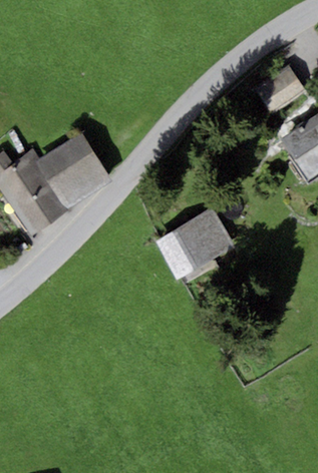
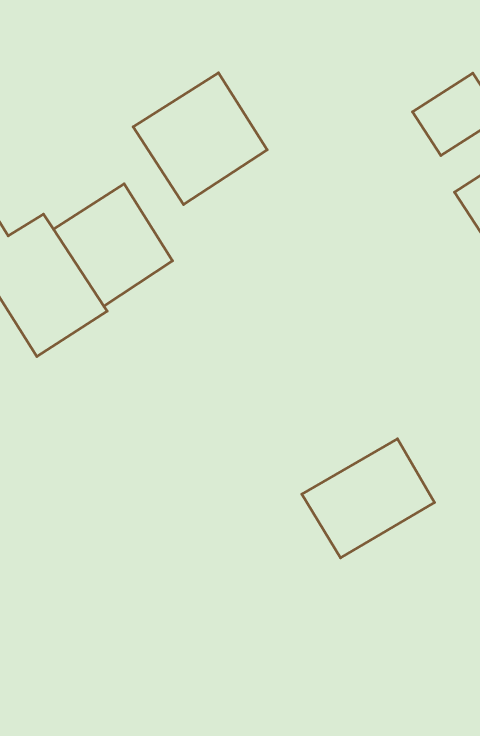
building: none -> [133,73,267,205]
building: [153,208,233,280] -> [302,439,434,558]

